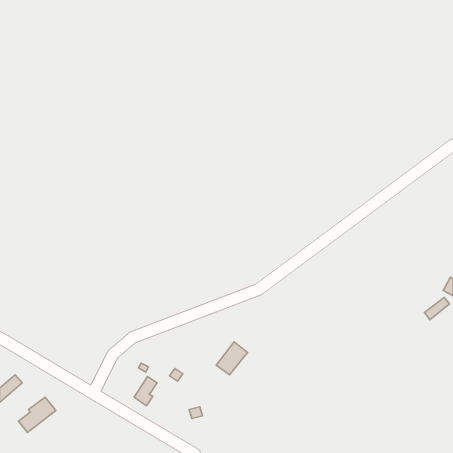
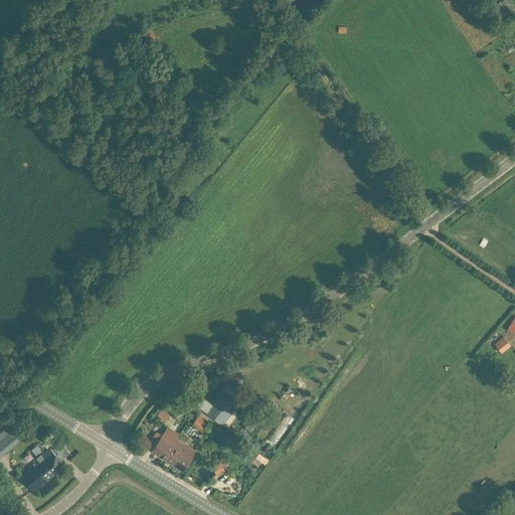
building: [216,342,247,375] -> [206,387,241,424]
building: none -> [166,441,191,471]

